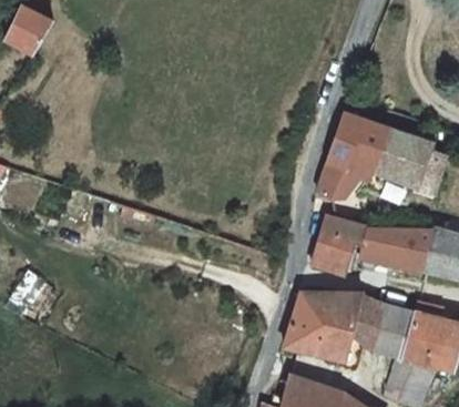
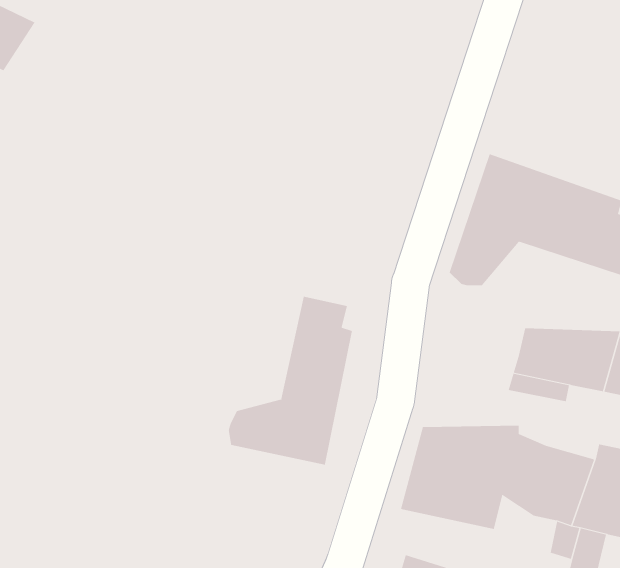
building: none -> [228,296,352,465]
building: [315,213,373,274] -> none

